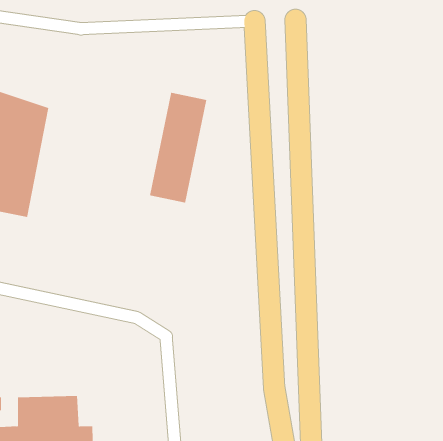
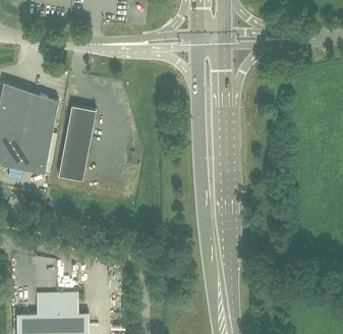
building: [149,92,207,203] -> [58,105,97,179]

